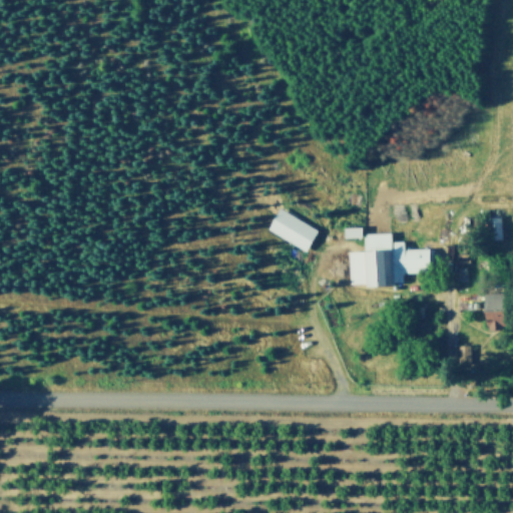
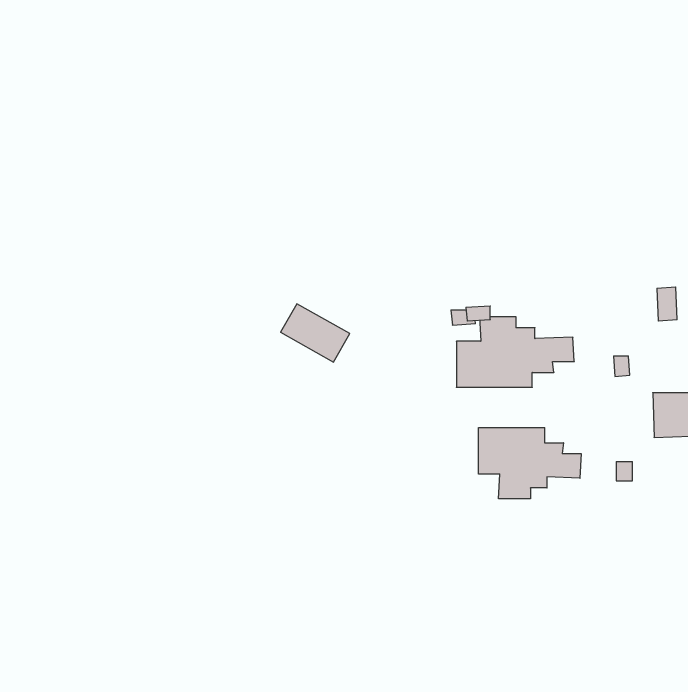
building: [271,208,322,251] -> [281,304,350,362]
building: none -> [479,428,581,499]

